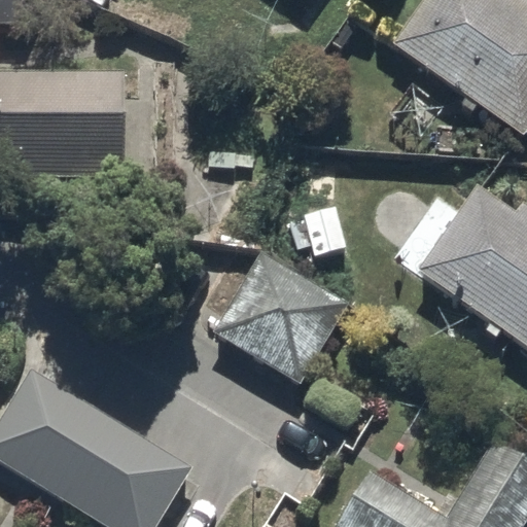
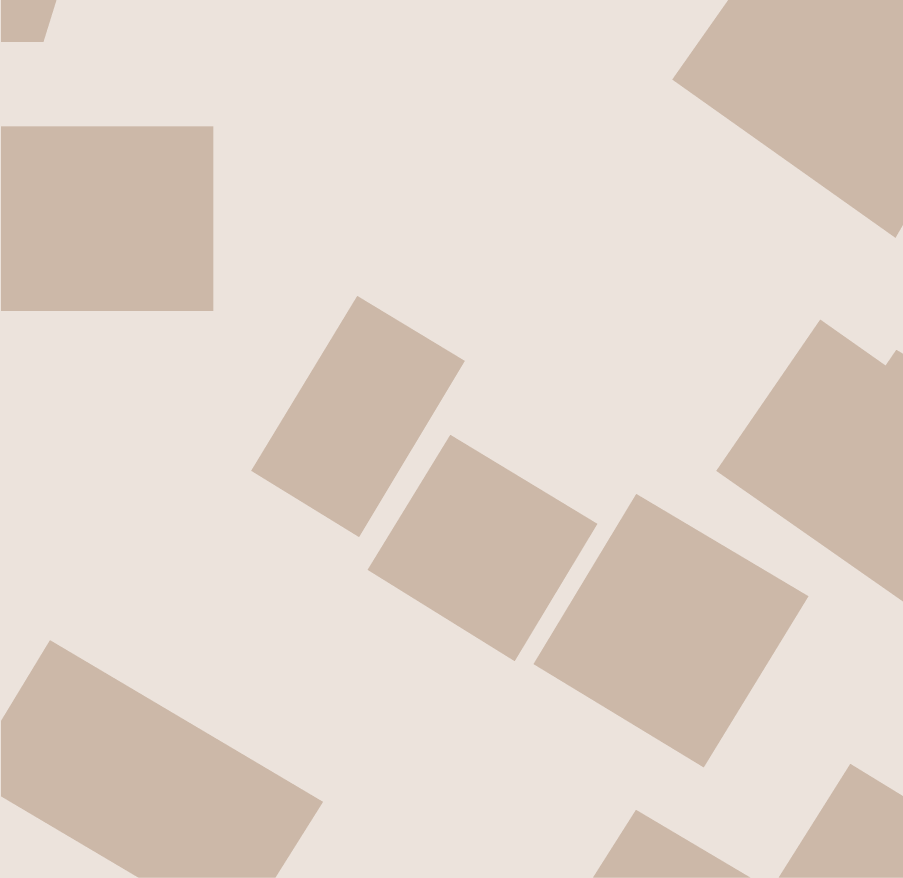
building: none -> [250,295,466,538]
building: none -> [532,493,810,769]

